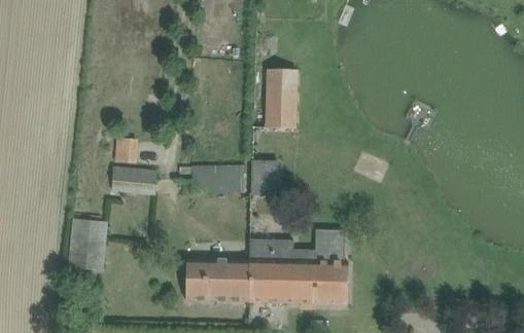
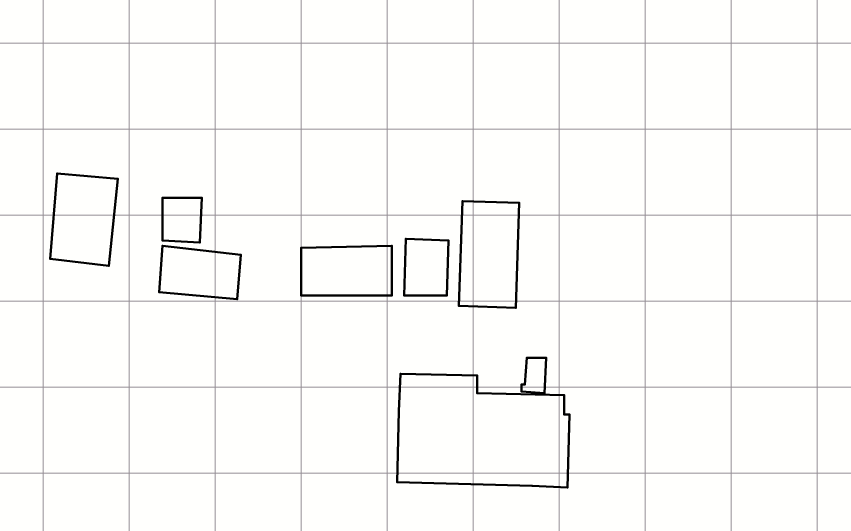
building: [259,68,294,130] -> [459,201,519,308]
building: [69,218,108,271] -> [50,174,118,266]
building: [186,259,249,301] -> none

